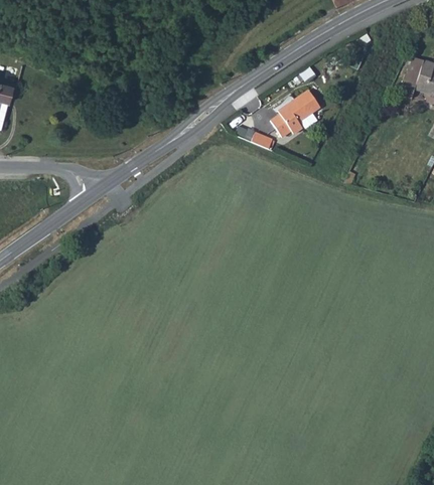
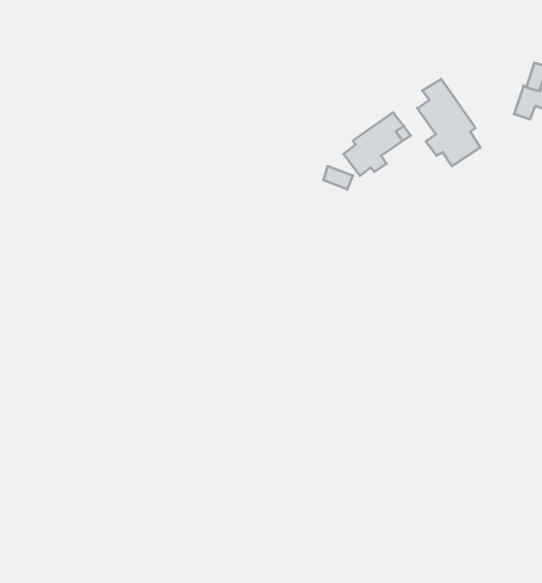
building: none -> [417,79,480,166]

